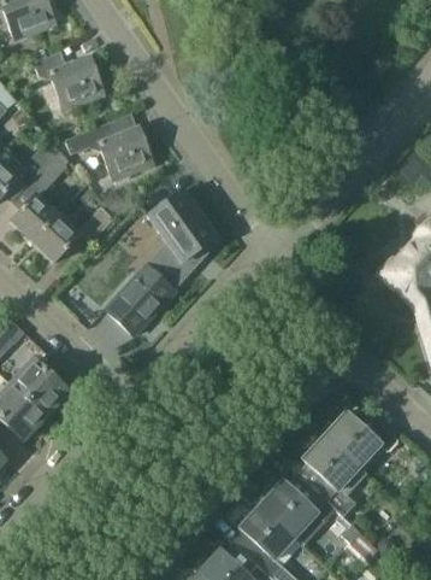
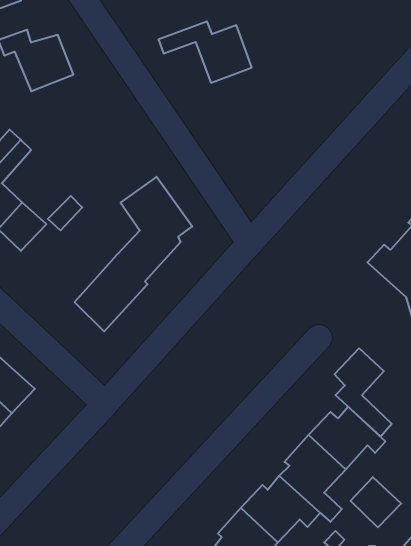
building: [64,122,152,180] -> [158,21,252,83]
building: none -> [335,348,392,436]
building: none -> [351,477,401,527]

